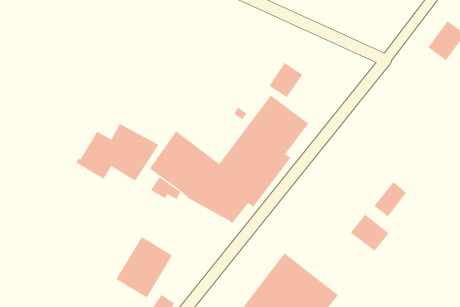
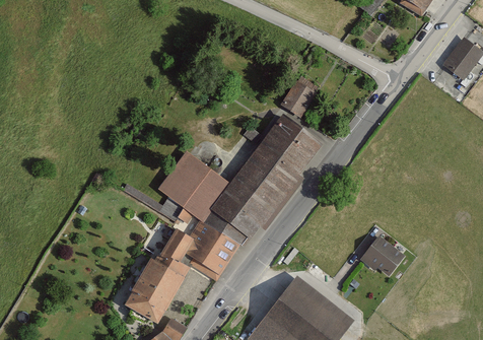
building: [76,123,159,182] -> [154,220,239,280]
building: [373,181,407,217] -> none

